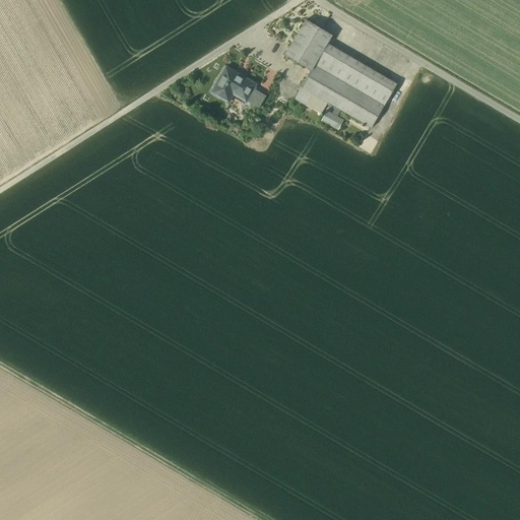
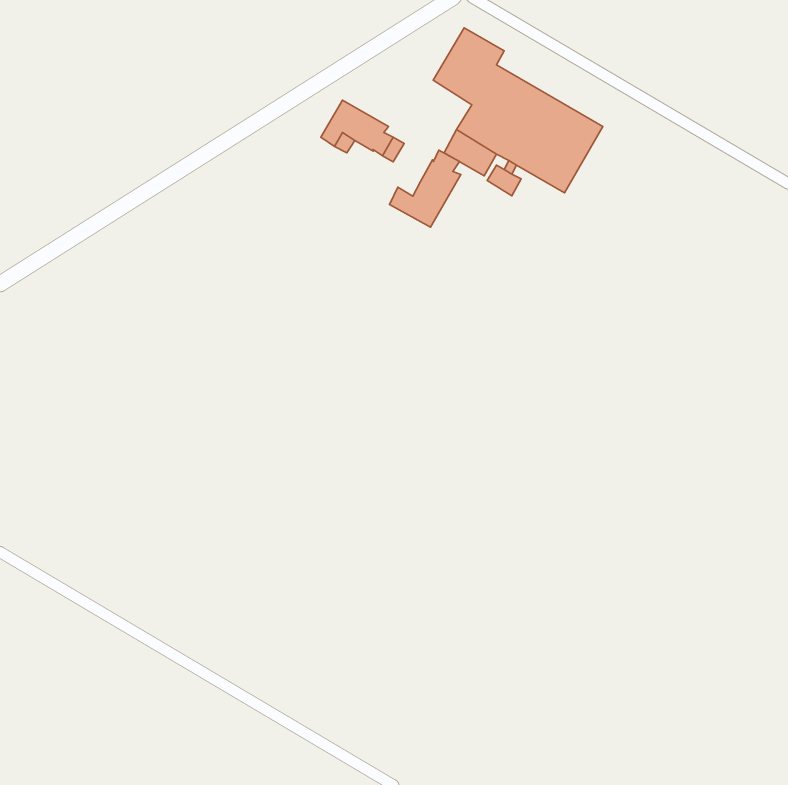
building: none -> [390,150,461,227]

